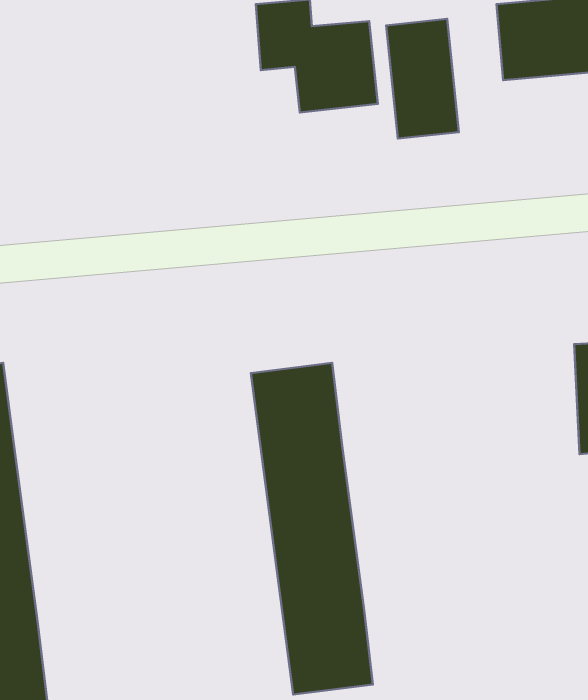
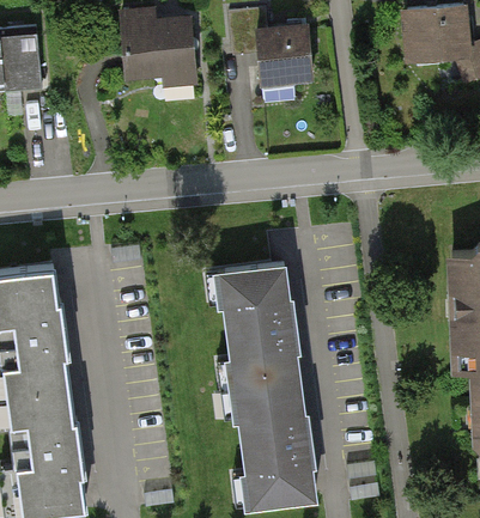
building: none -> [116,14,194,84]
building: [386,19,459,138] -> none

